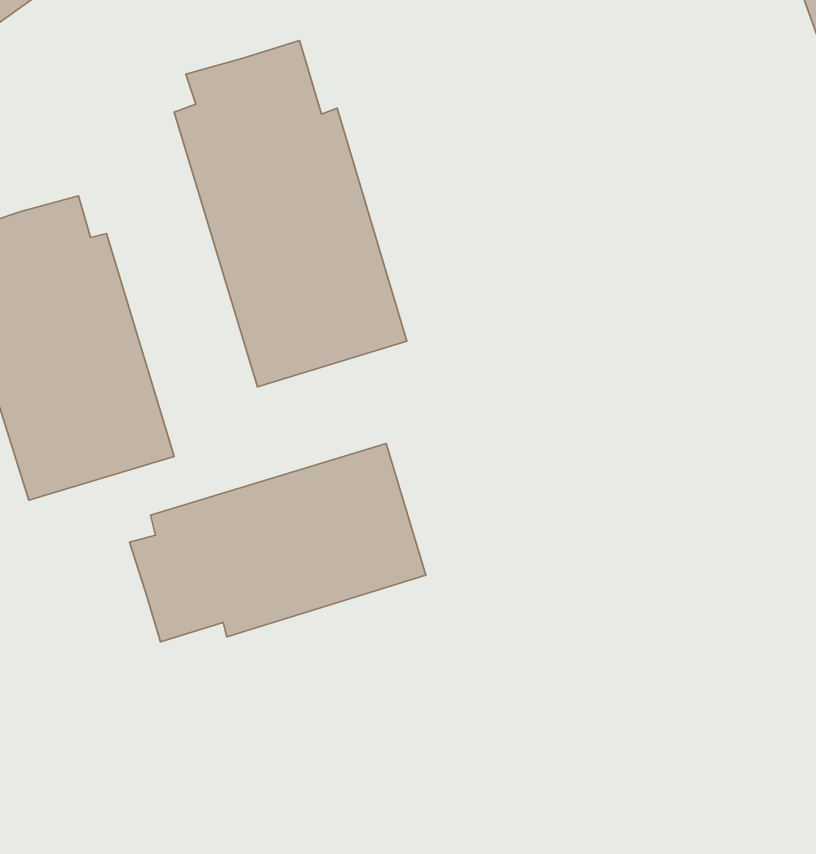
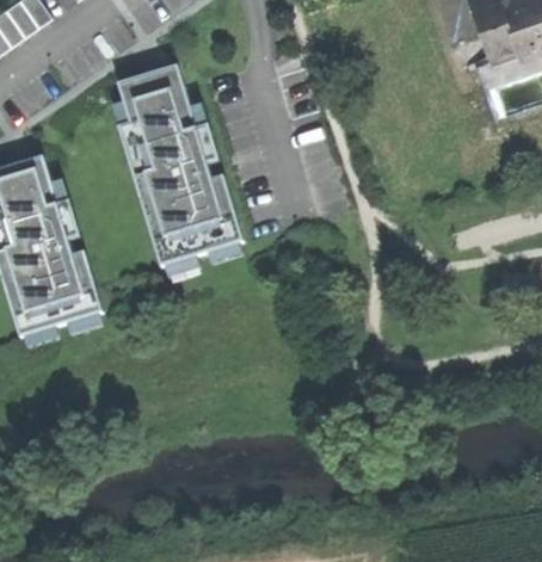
building: [129,443,426,642] -> none

